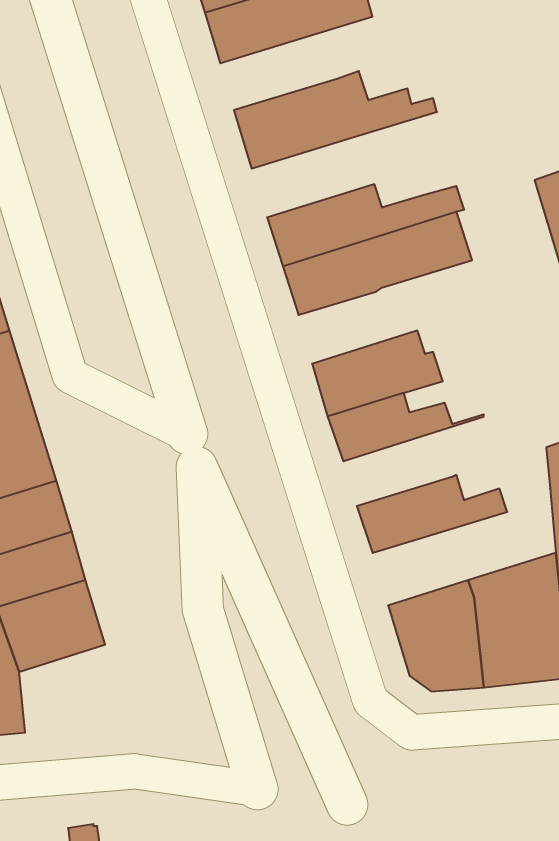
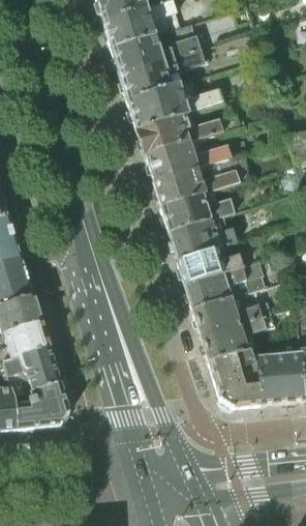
building: none -> [120,49,206,98]
building: none -> [136,112,240,155]
building: none -> [161,195,235,233]
building: none -> [185,261,264,309]
building: none -> [201,312,276,361]
building: none -> [13,382,68,429]

